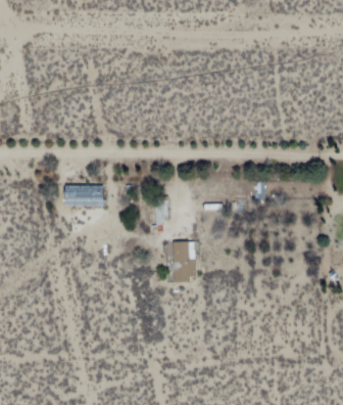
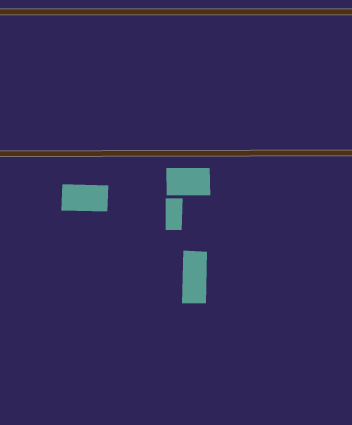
building: none -> [166,167,211,196]

